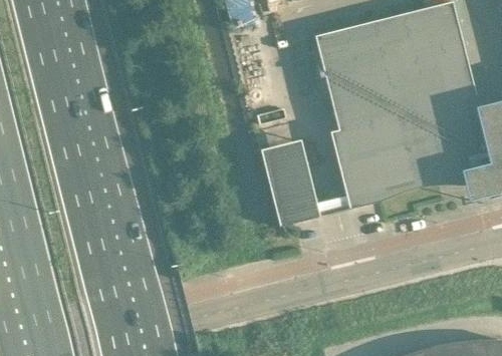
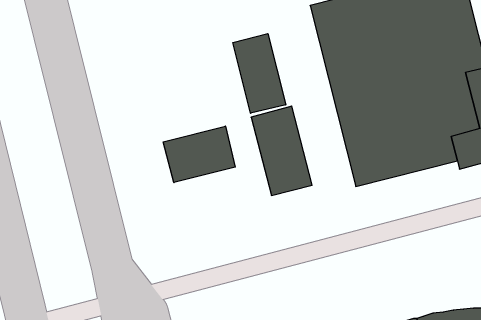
building: none -> [233,34,286,113]
building: none -> [163,126,235,183]

